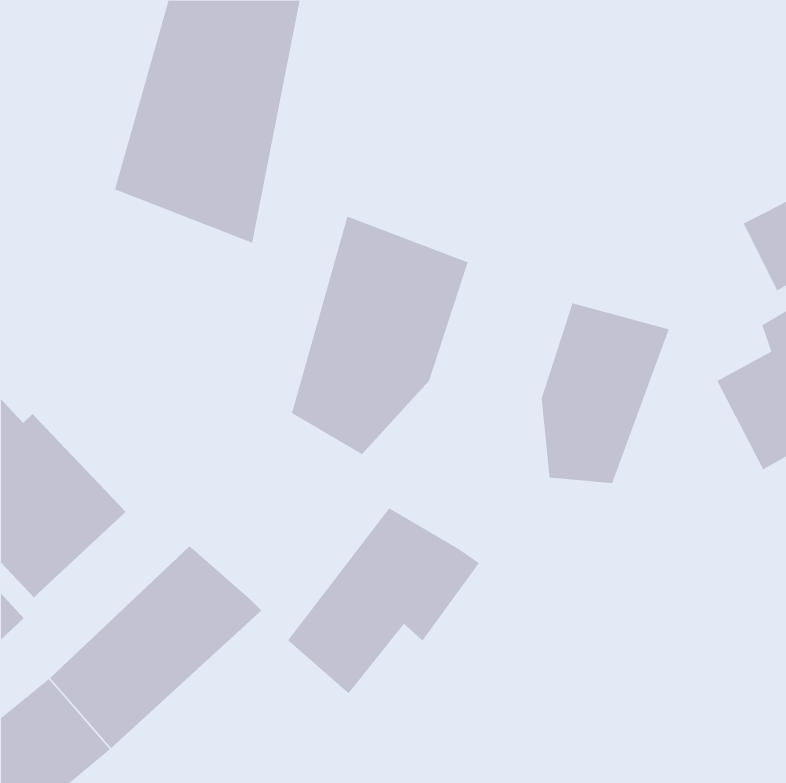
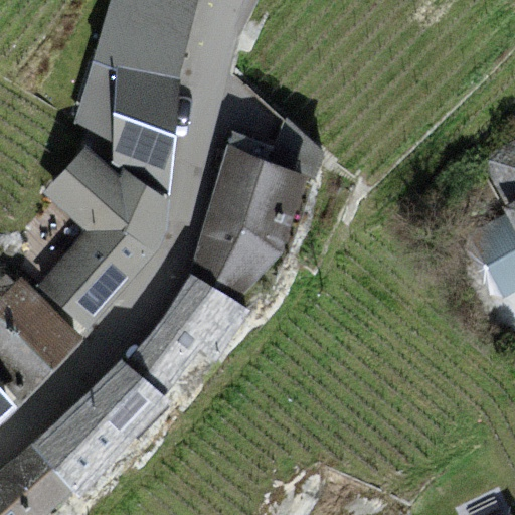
building: none -> [38,146,167,330]
building: [541,303,669,484] -> none
building: [287,508,480,694] -> [125,273,250,394]

